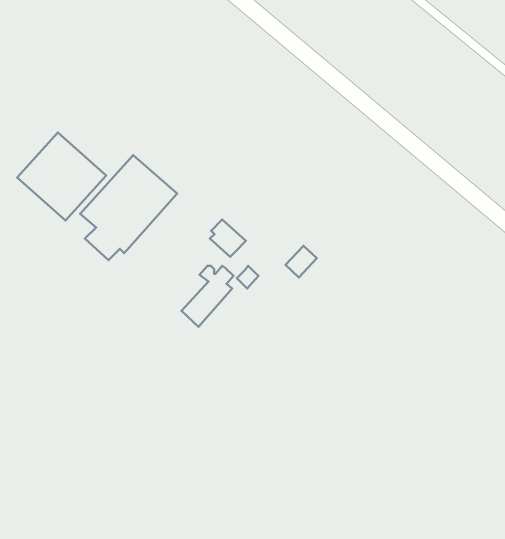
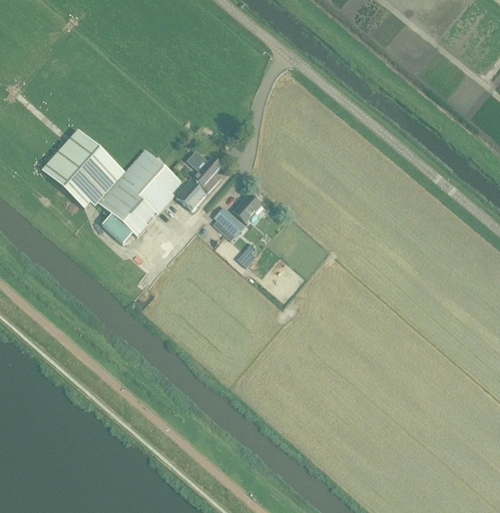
building: [285,246,317,277] -> [233,192,262,220]
building: [182,266,233,327] -> [176,155,222,209]

